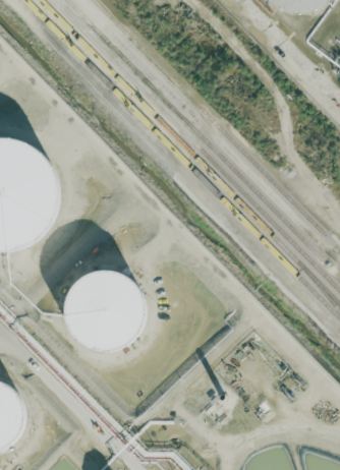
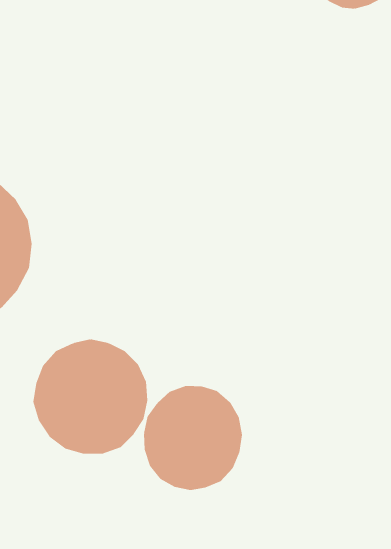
building: none -> [144,385,243,491]

